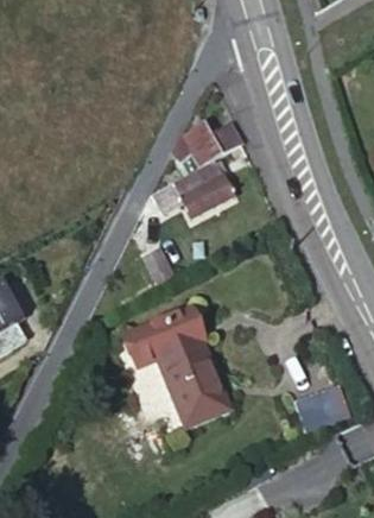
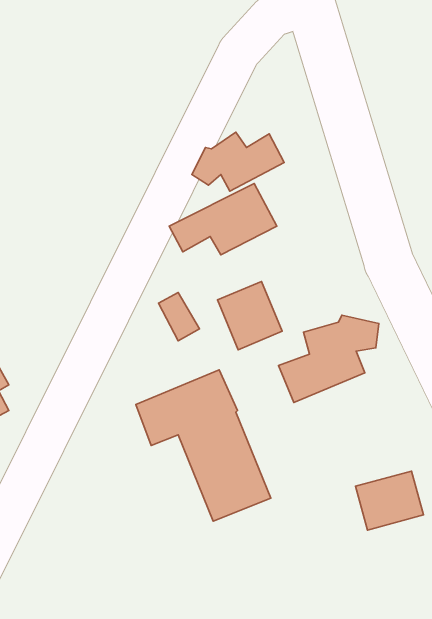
building: none -> [217,281,282,350]
building: none -> [278,315,379,402]

